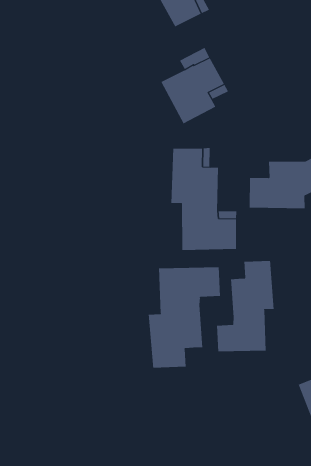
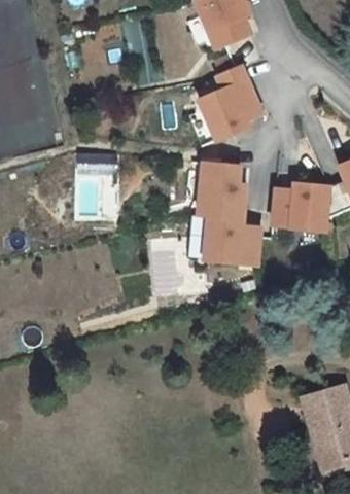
building: [217,260,274,352] -> none
building: [148,267,221,369] -> none

